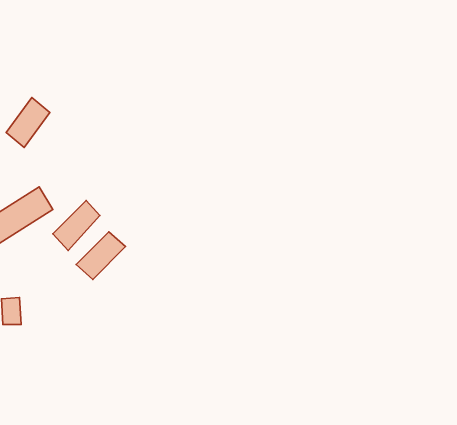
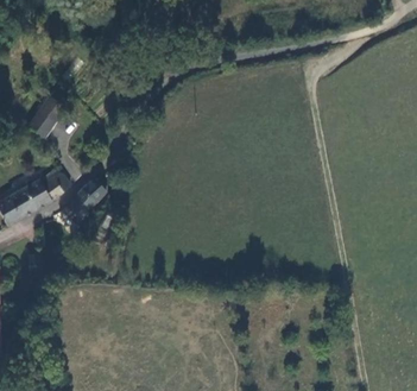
building: [76,232,126,279] -> none

